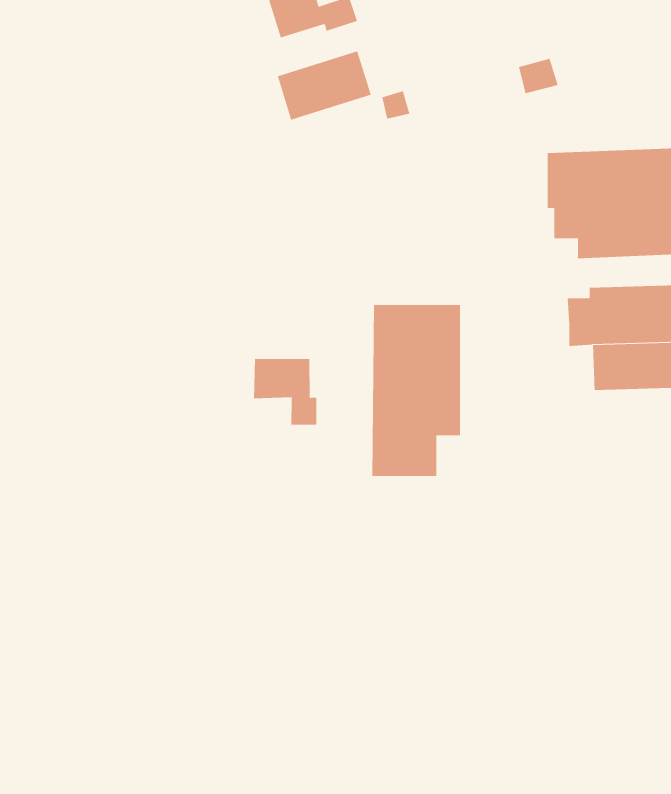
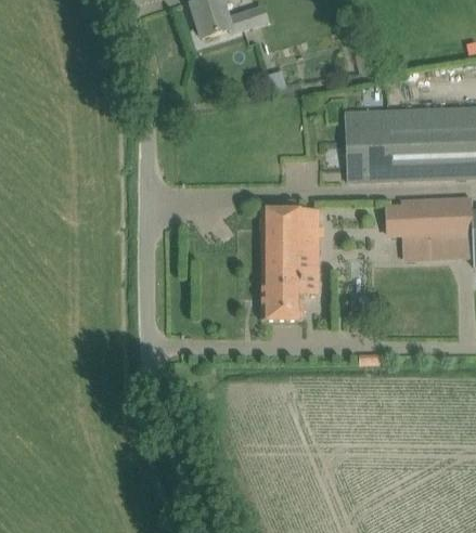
building: [277,50,371,120] -> none
building: none -> [346,110,394,181]
building: [254,358,317,425] -> none

